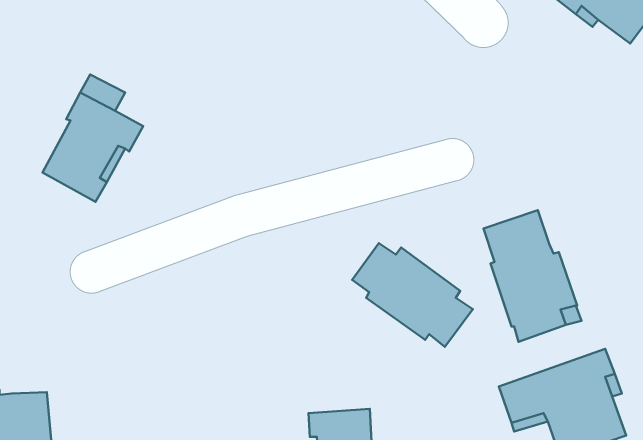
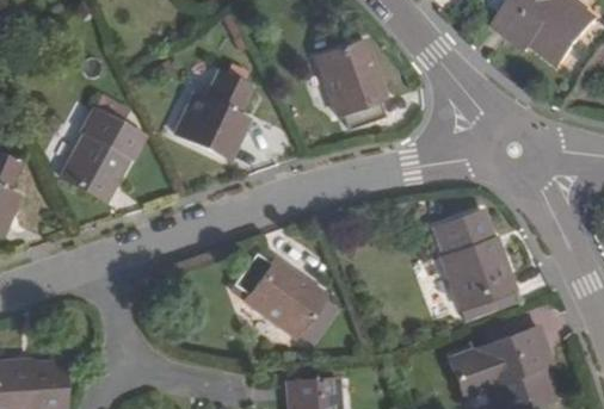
building: none -> [318,38,386,129]
building: none -> [174,69,249,157]
building: [352,243,473,347] -> [233,253,335,341]

